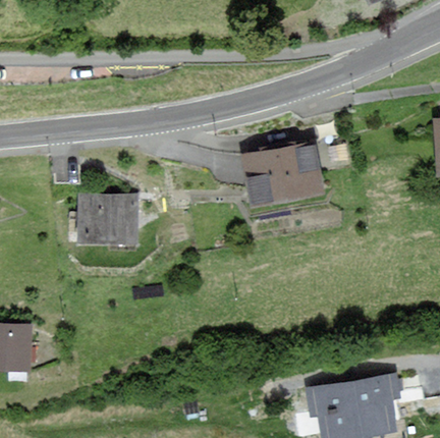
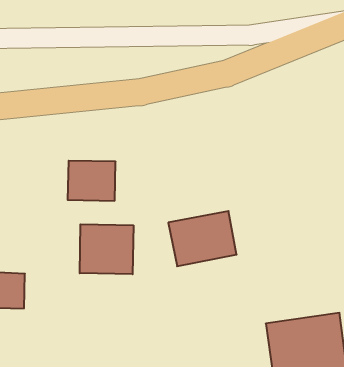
building: [243,144,322,207] -> [168,211,237,266]
building: none -> [80,224,133,274]

